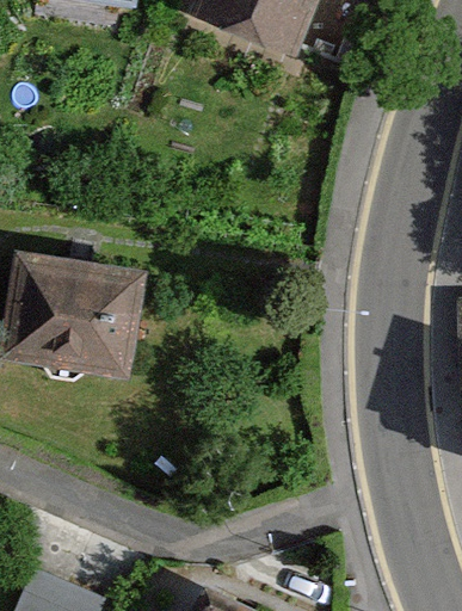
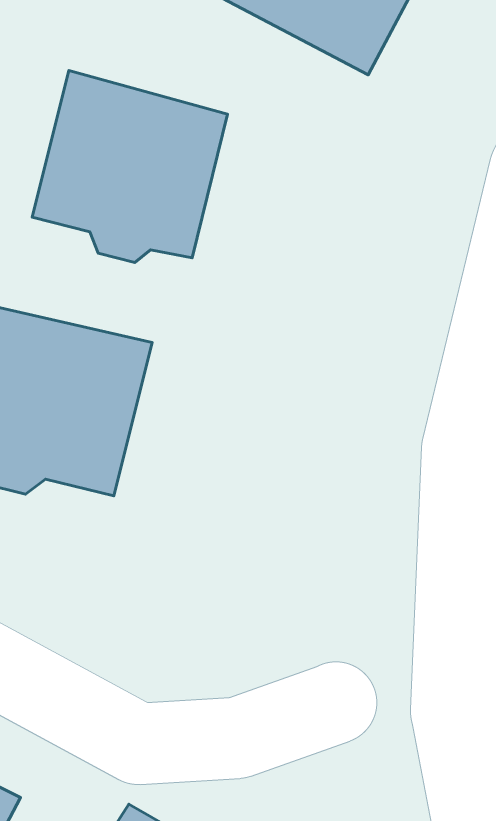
building: none -> [32,71,228,262]

